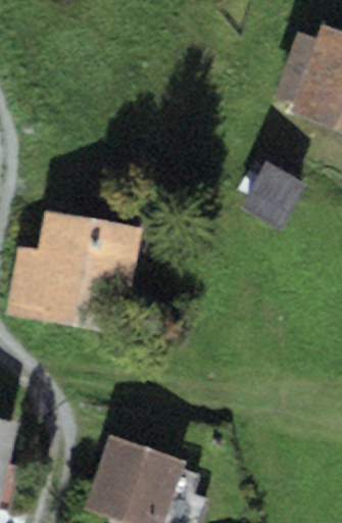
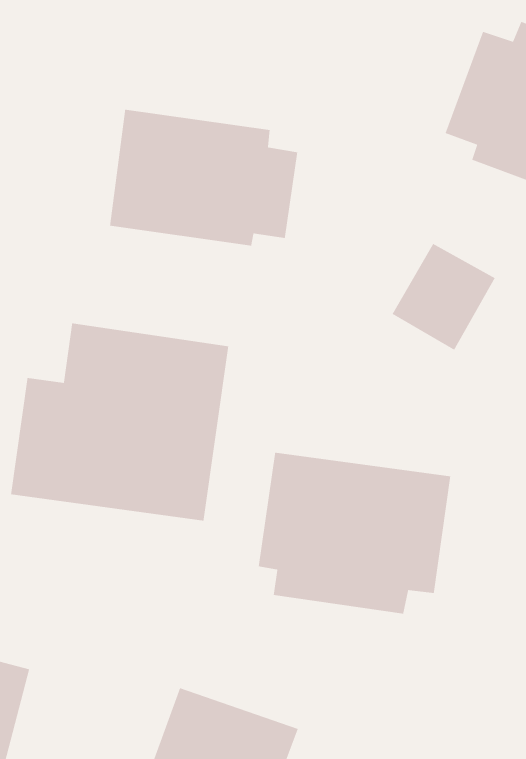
building: none -> [109,109,298,247]
building: none -> [258,452,451,614]

